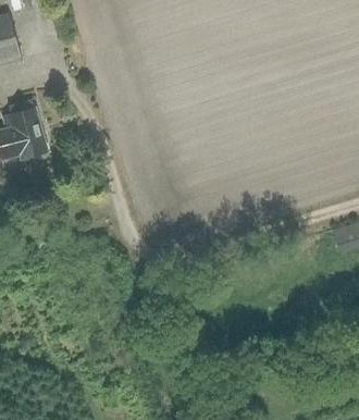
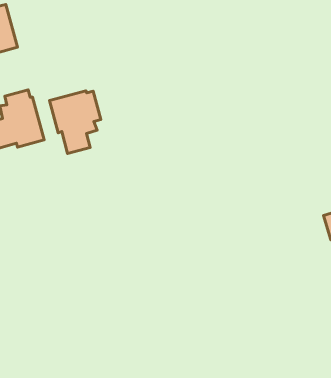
building: none -> [50,91,101,154]

